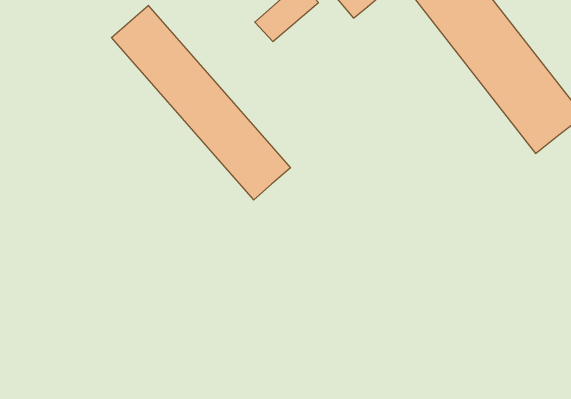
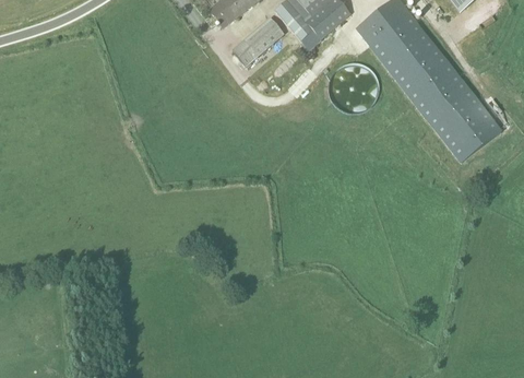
building: [112,5,290,200] -> none

